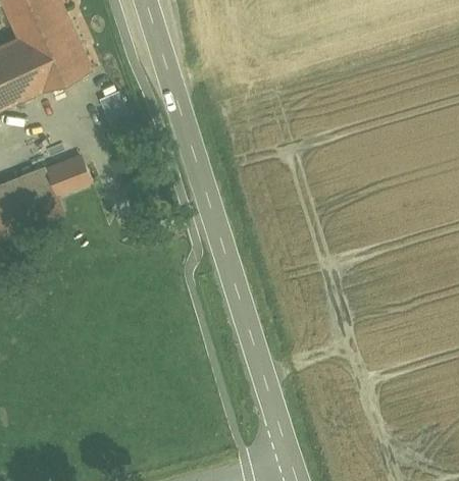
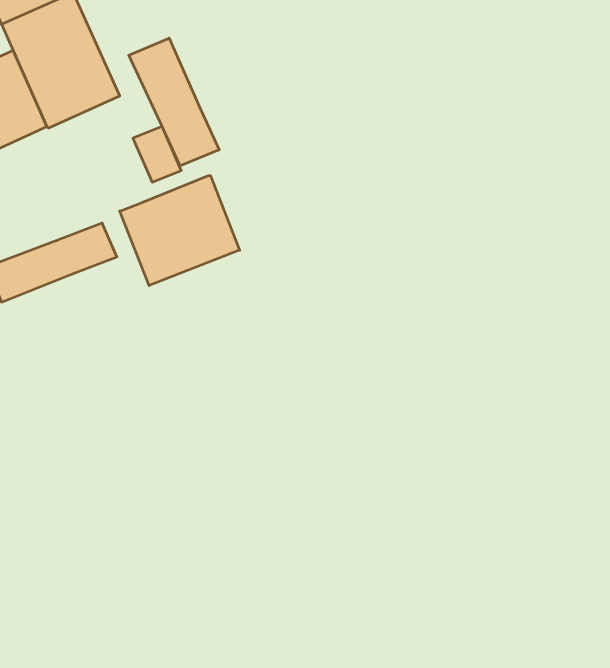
building: none -> [129,38,219,166]
building: none -> [120,176,240,286]

